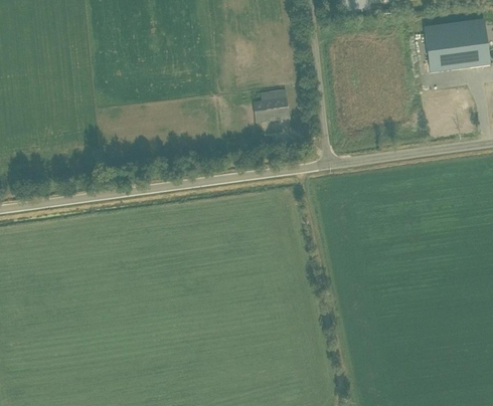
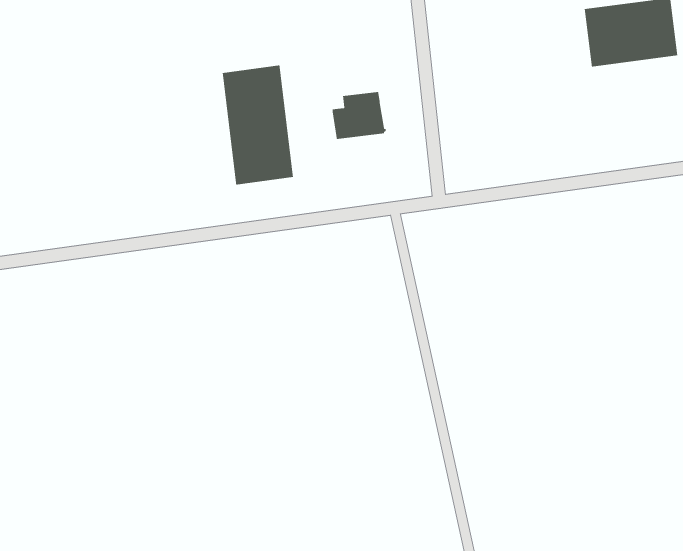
building: none -> [222,65,294,185]

